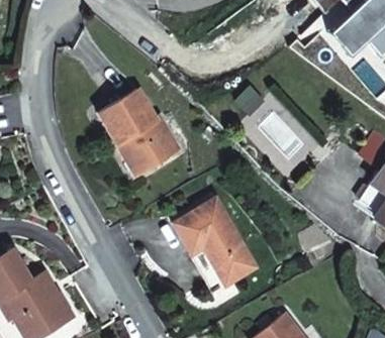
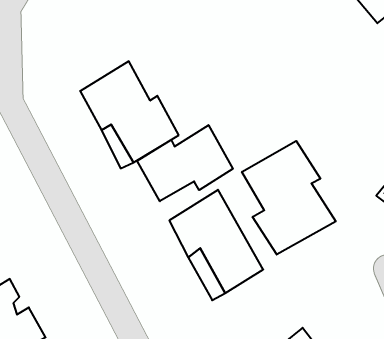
building: none -> [137,125,233,201]
building: none -> [242,141,336,255]

